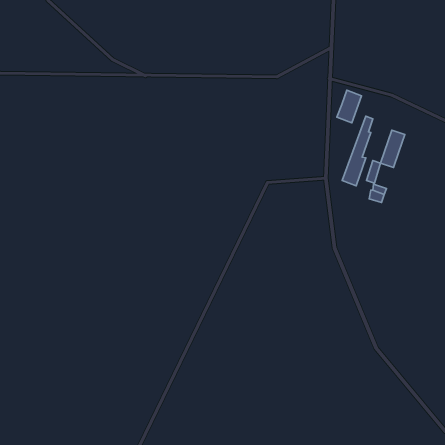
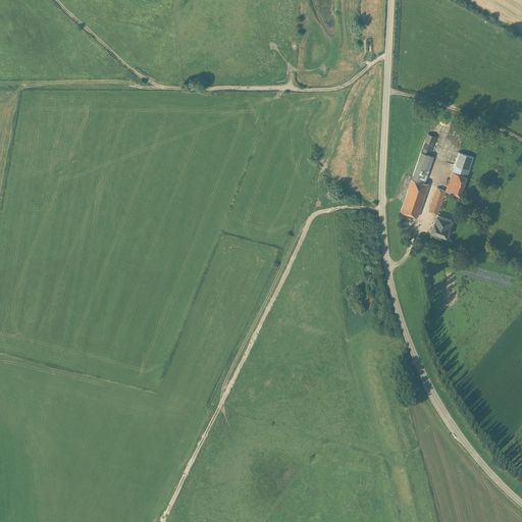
building: [337,90,362,123] -> none

